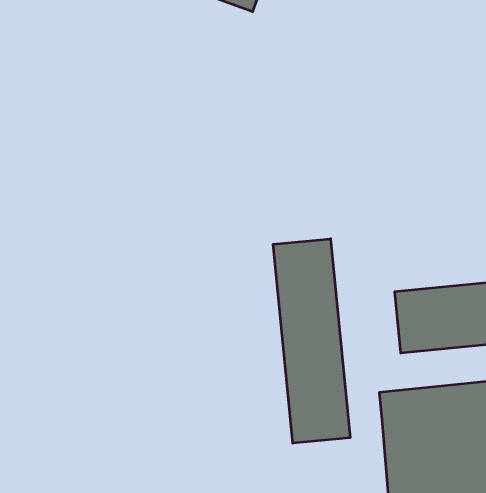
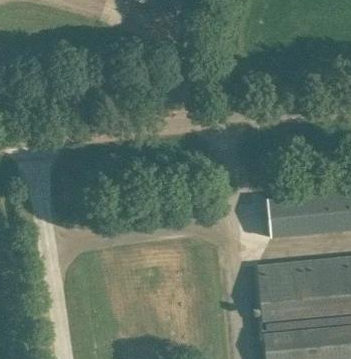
building: [273,239,350,443] -> none

